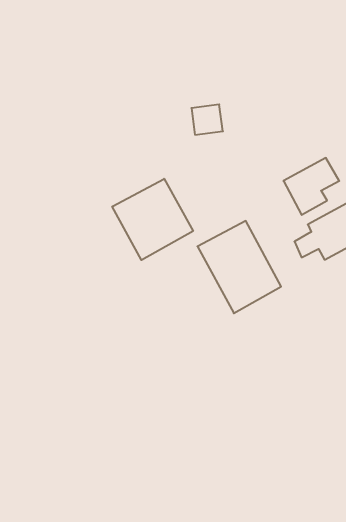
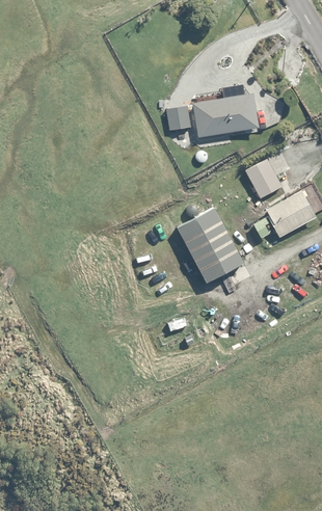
building: none -> [193,92,261,137]
building: [112,179,193,260] -> none

